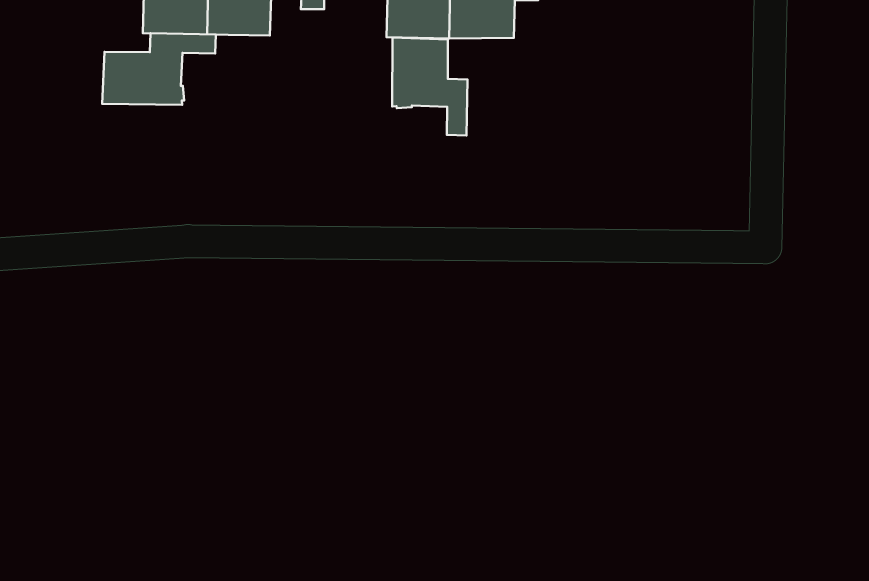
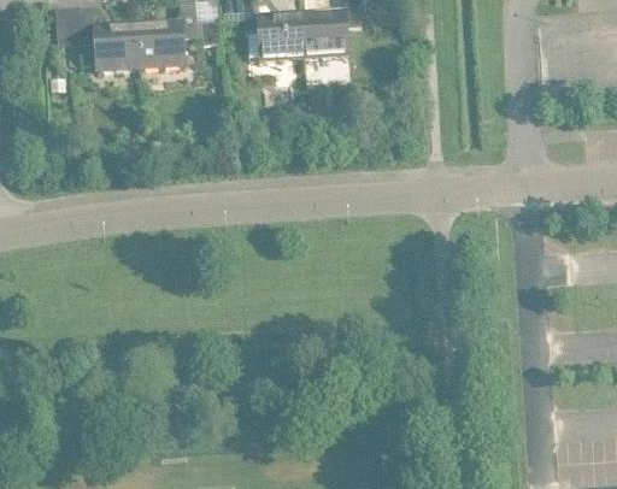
building: [102,33,216,105] -> none
building: [392,37,468,136] -> none

